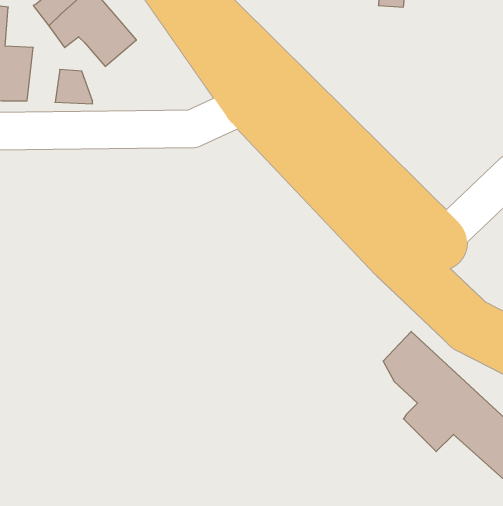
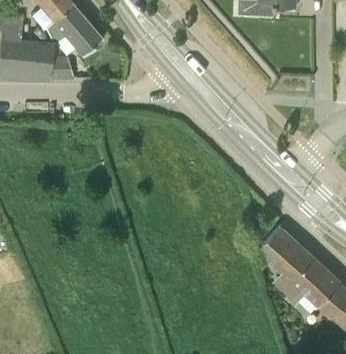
building: none -> [30,42,54,78]

